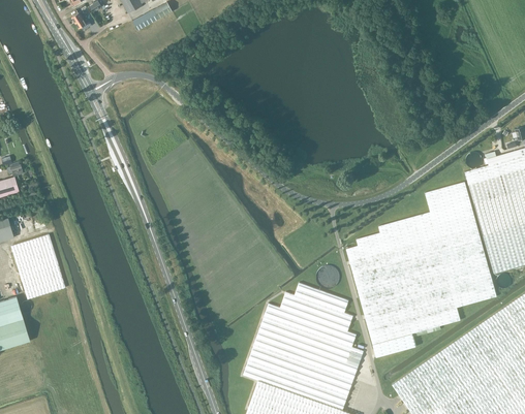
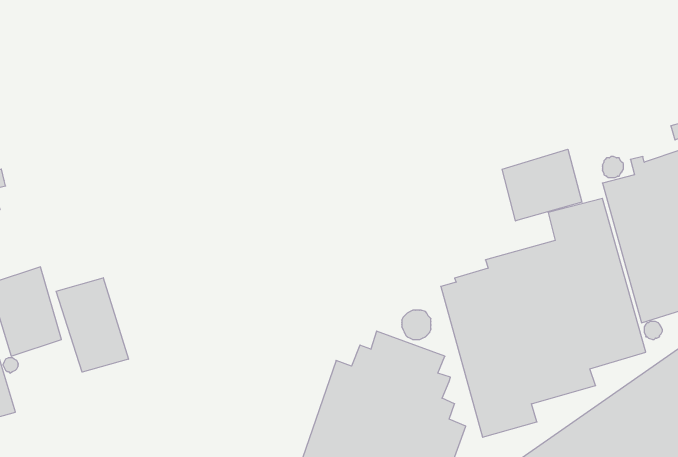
building: none -> [502,149,582,221]
building: none -> [56,278,128,372]

